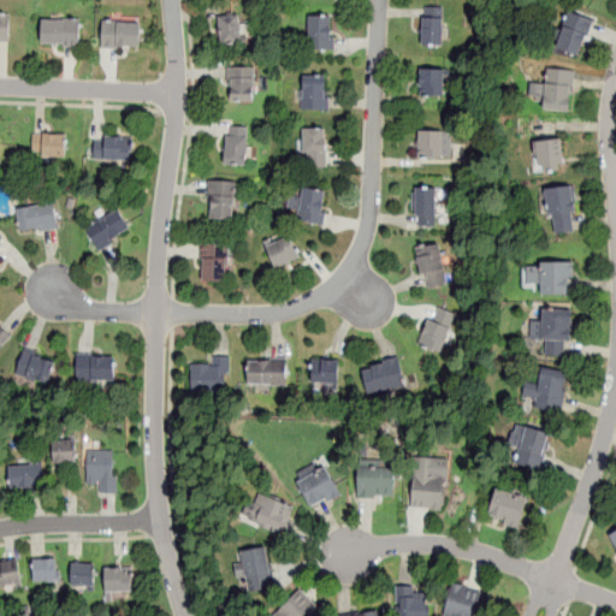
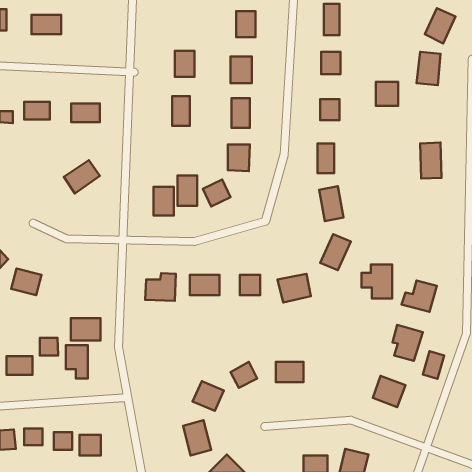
building: [218,16,239,46] -> none
building: [101,22,140,47] -> none
building: [533,140,562,171] -> [376,82,398,106]
building: [208,180,233,220] -> [178,175,197,206]
building: [17,205,55,231] -> none
building: [525,262,571,294] -> none
building: [531,310,570,355] -> [362,264,392,299]
building: [76,354,114,383] -> [71,318,100,340]
building: none -> [423,351,444,379]
building: [411,461,438,509] -> none

